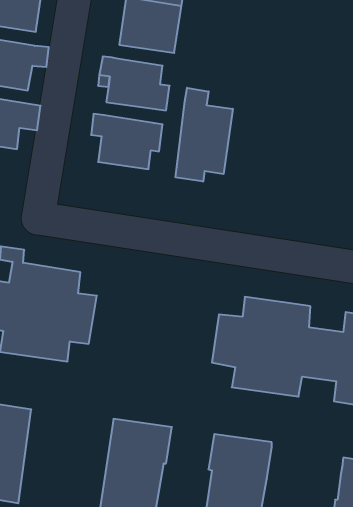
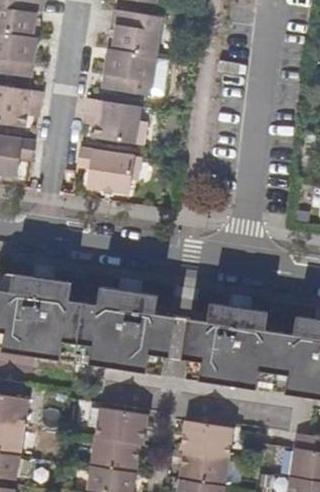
building: [176,88,233,182] -> none
building: none -> [77,287,175,372]

